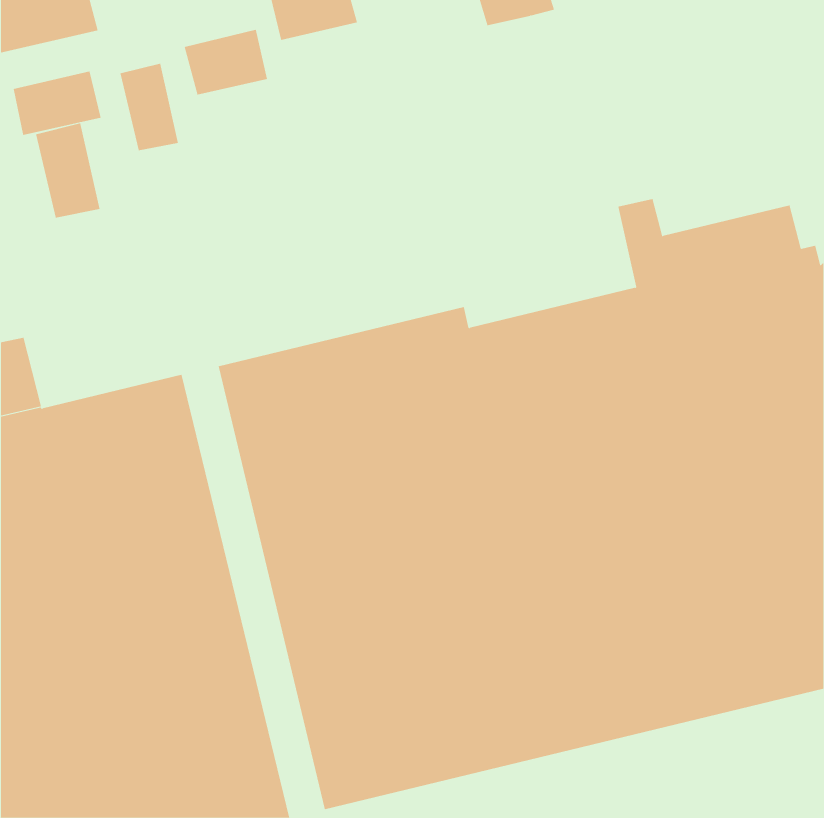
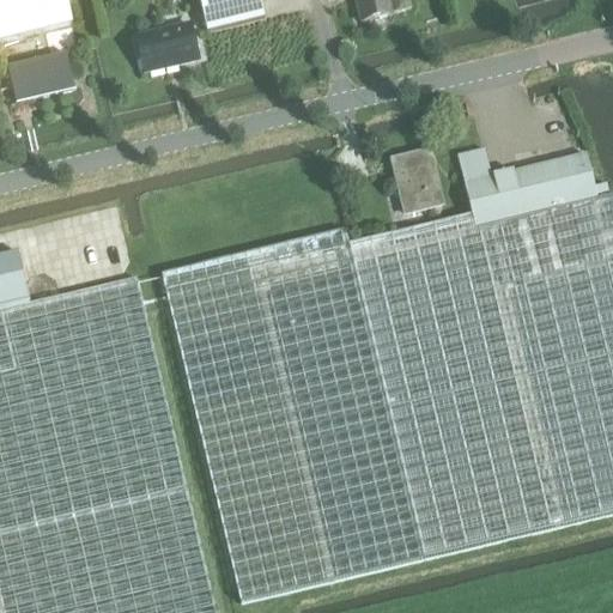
building: [120,63,178,151] -> none
building: [35,123,100,218] -> none
building: none -> [396,150,442,211]

